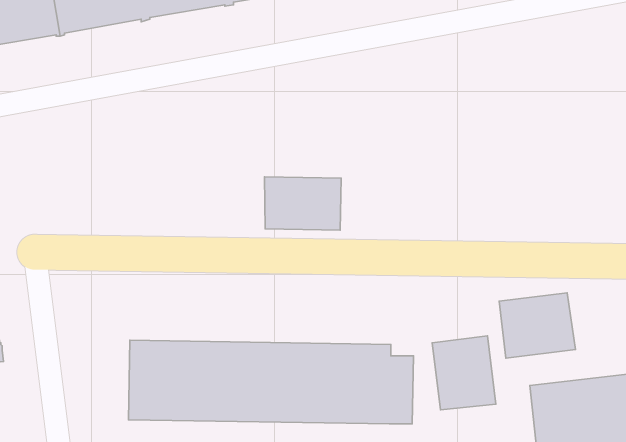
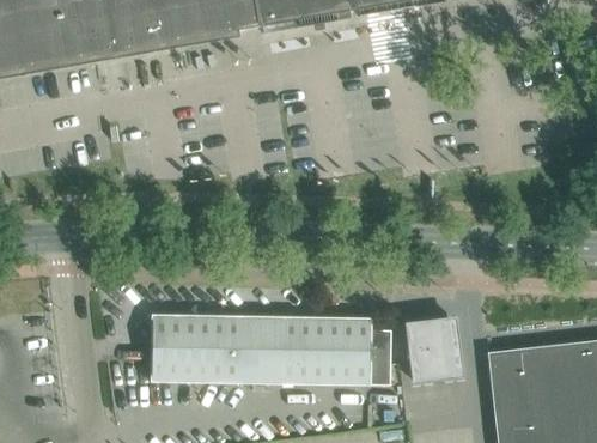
building: [265,177,341,230] -> none
building: [499,293,575,358] -> none

